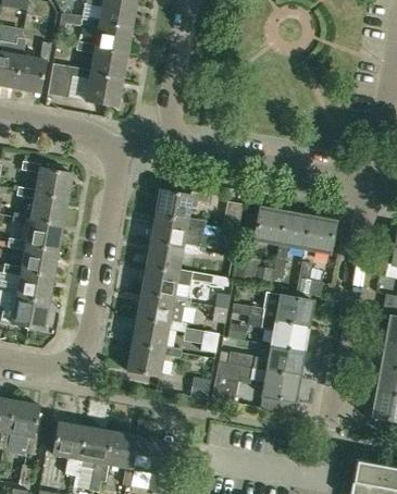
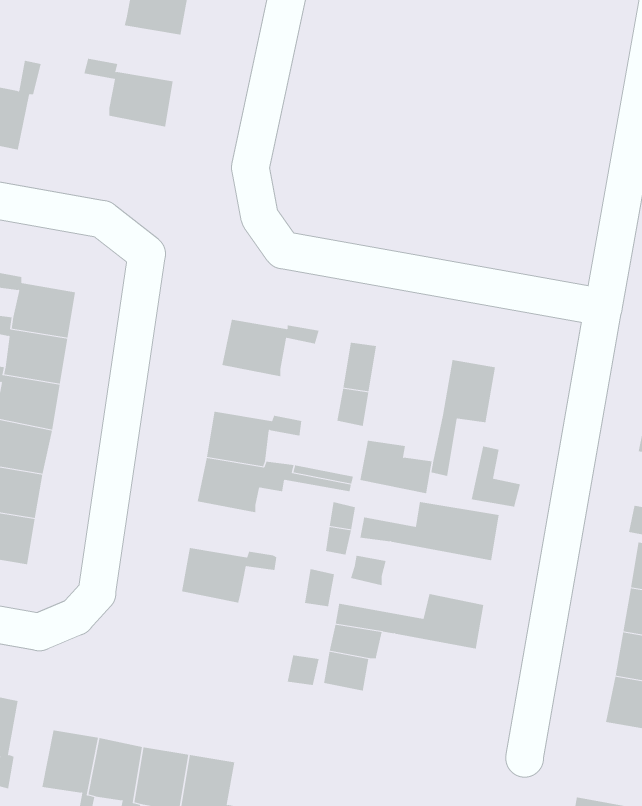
building: [82,15,132,54] -> none
building: [48,63,123,107] -> none
building: [253,207,285,244] -> none
building: [150,215,204,247] -> none
building: [305,217,336,254] -> none
building: [136,293,191,324] -> none
building: [248,316,308,351] -> none
building: [126,344,182,376] -> none
building: [250,368,299,402] -> none

